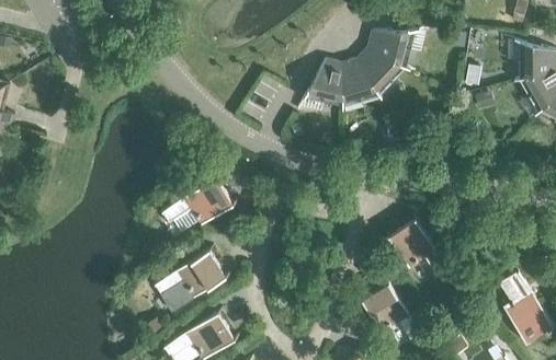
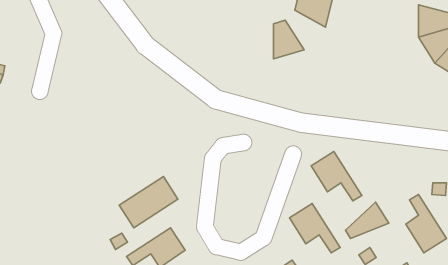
building: [356,46,406,94] -> none
building: [305,58,342,105] -> none
building: [162,176,232,233] -> none
building: none -> [346,202,389,238]

